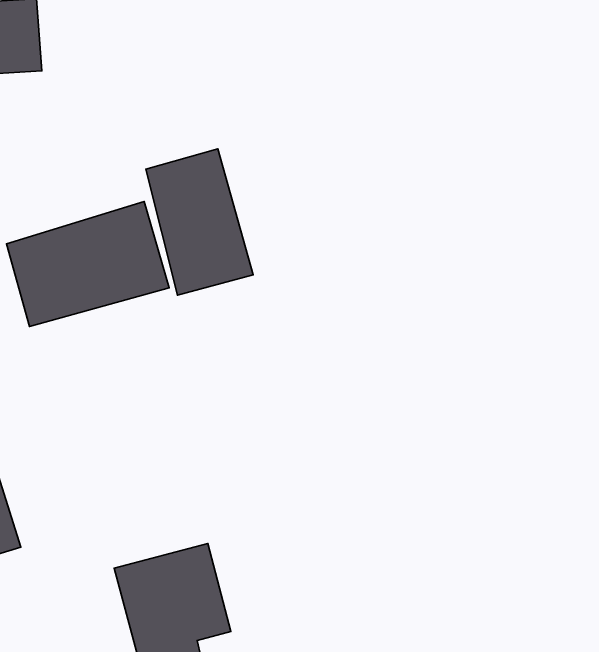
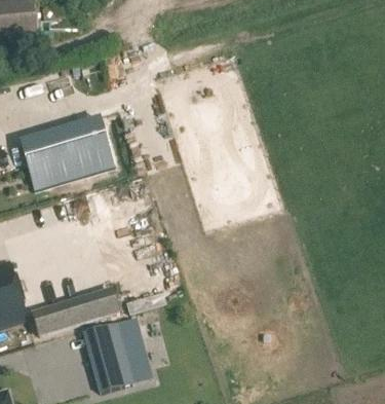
building: [146,149,253,295] -> none
building: none -> [28,285,117,333]

